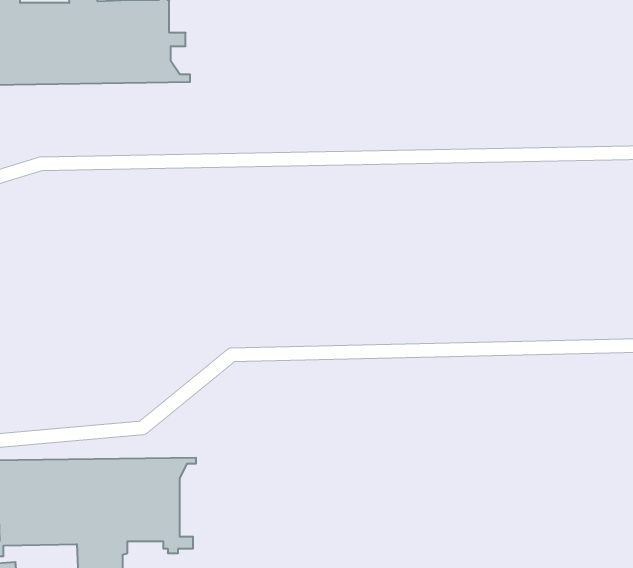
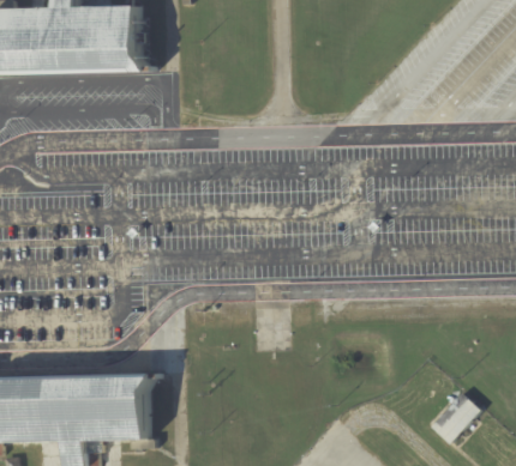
building: none -> [430,392,479,443]

